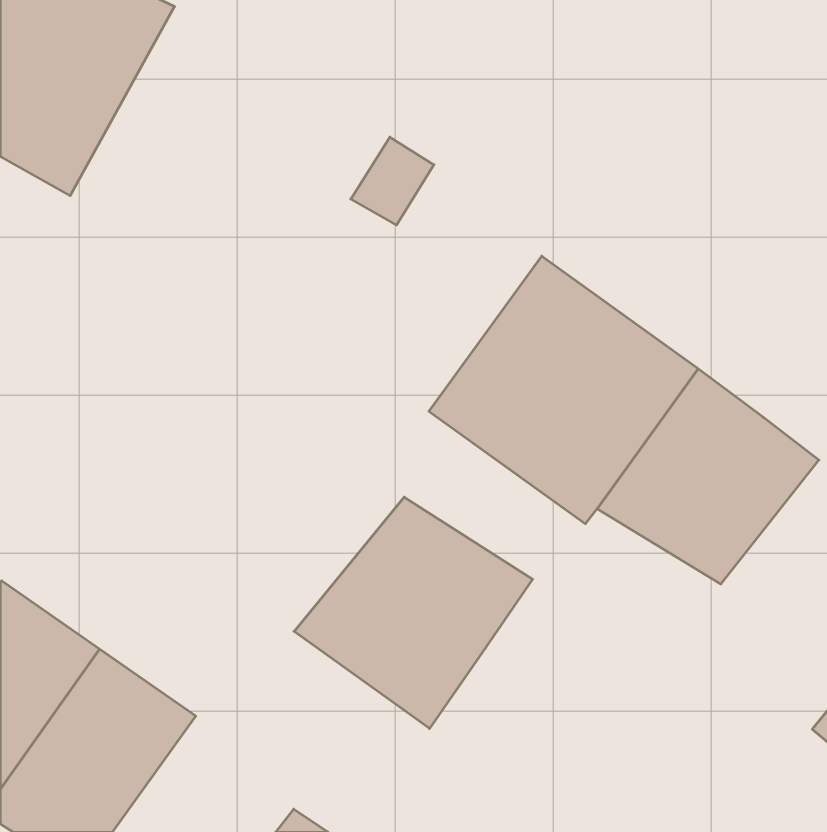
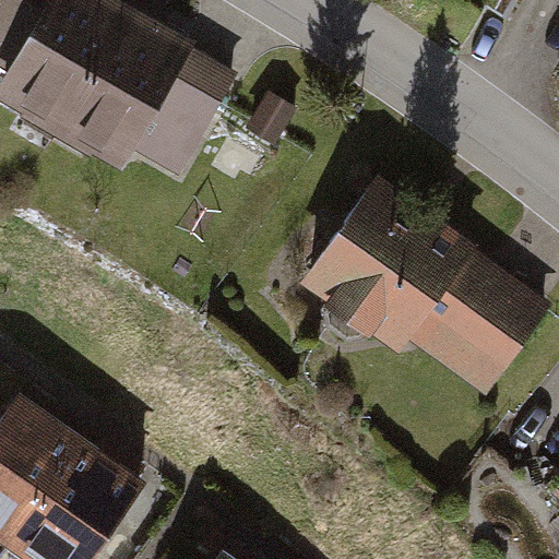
building: none -> [51,4,243,180]
building: [294,497,533,729] -> none

